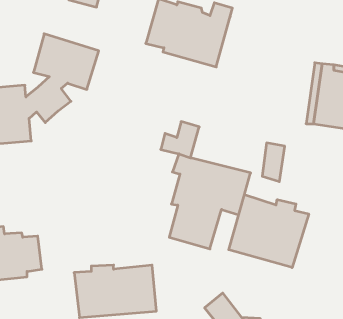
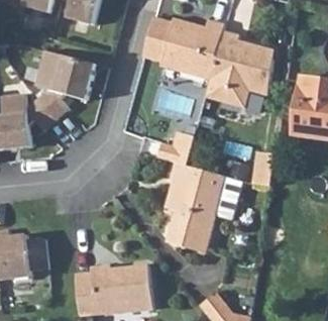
building: none -> [203,31,272,106]
building: [229,195,309,268] -> none

